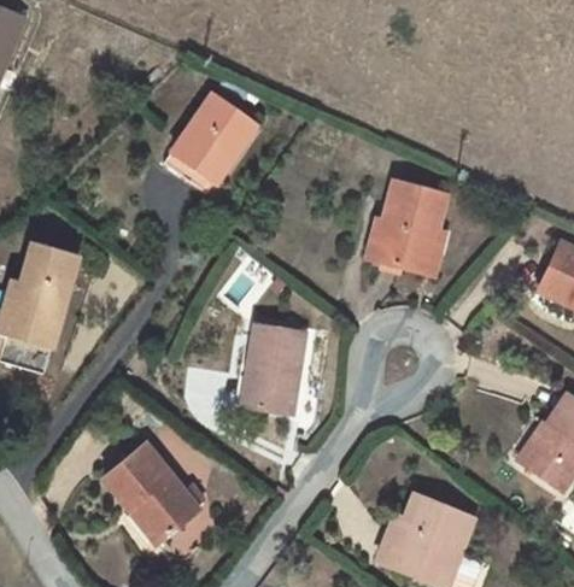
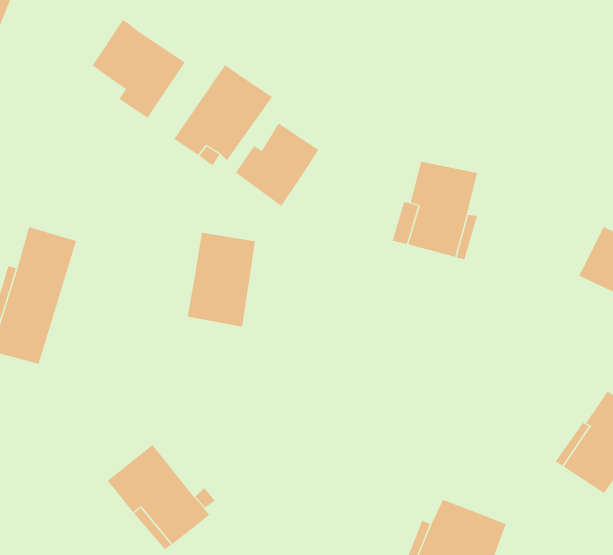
building: none -> [92,19,186,118]
building: none -> [235,123,319,207]
building: [242,324,306,412] -> [187,232,256,327]

